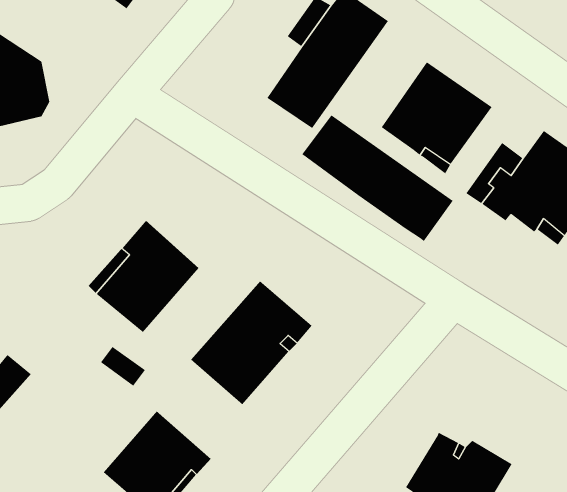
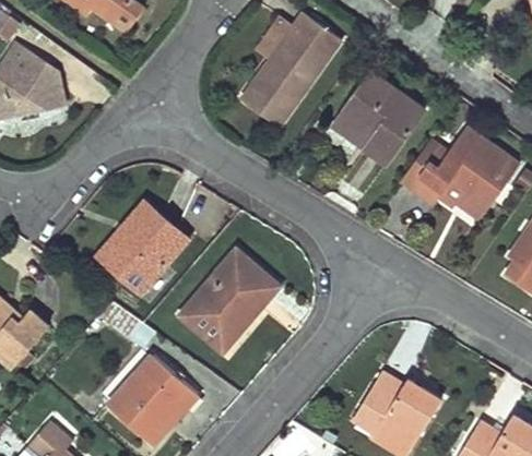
building: [301,115,453,242] -> none

